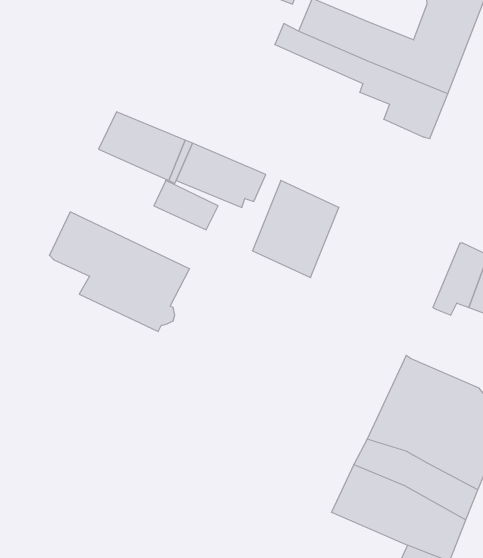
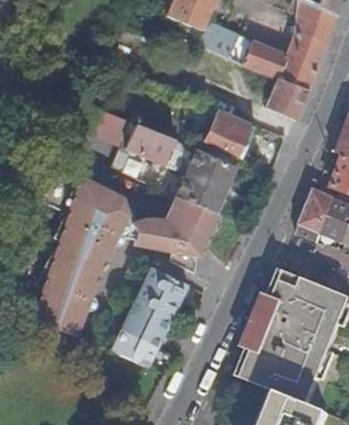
building: none -> [207,111,256,157]
building: none -> [133,195,221,272]
building: none -> [29,224,115,336]
building: none -> [112,267,187,366]

